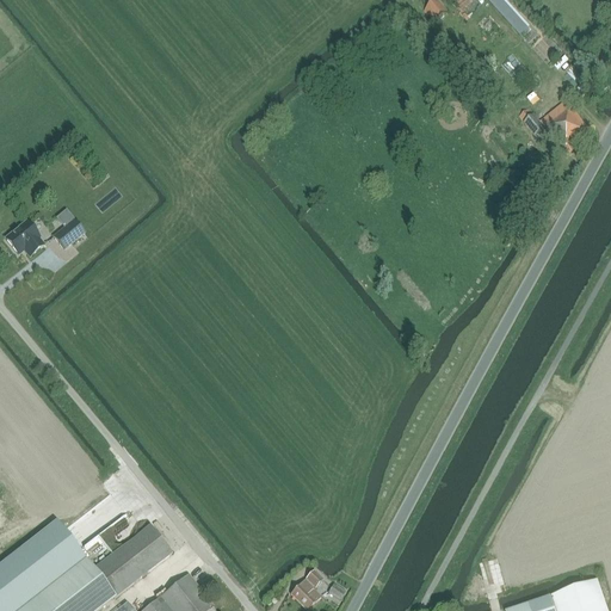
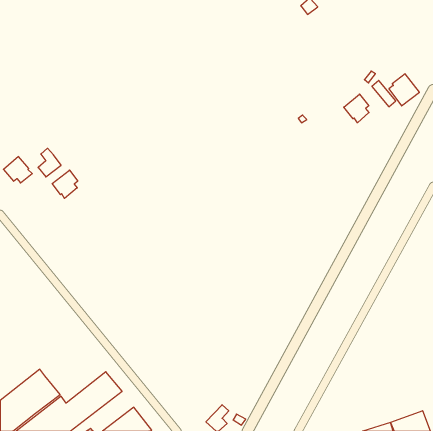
building: none -> [344,94,369,123]
building: none -> [52,170,78,198]

